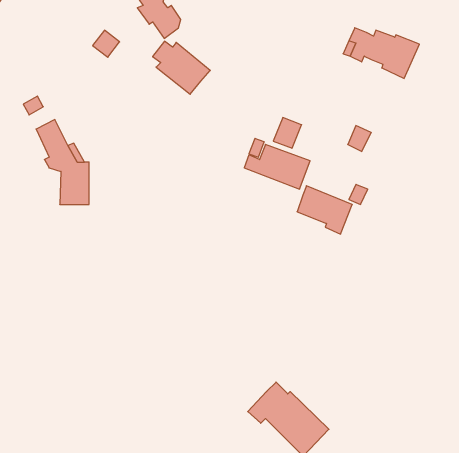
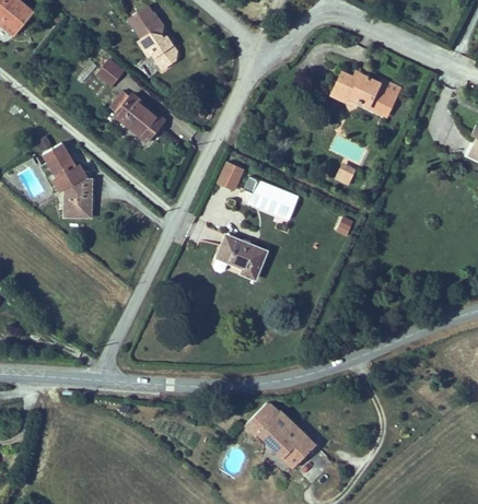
building: [153,41,210,94] -> [108,103,162,152]
building: [273,118,302,148] -> [217,161,243,189]
building: [297,186,352,234] -> [215,233,267,278]

